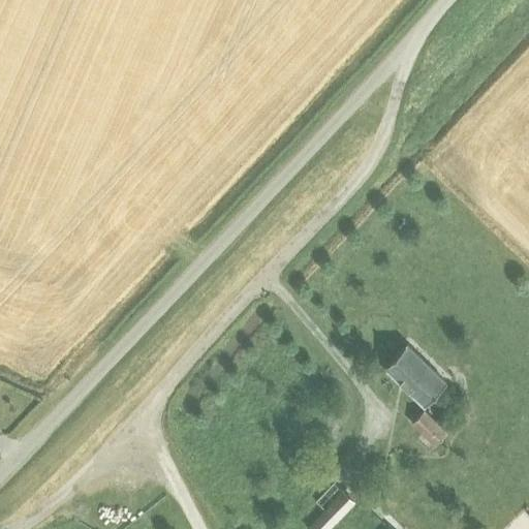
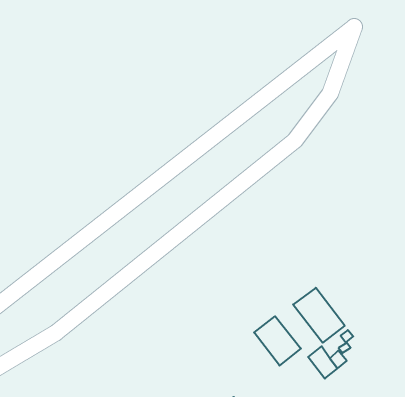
building: none -> [254,316,301,366]

